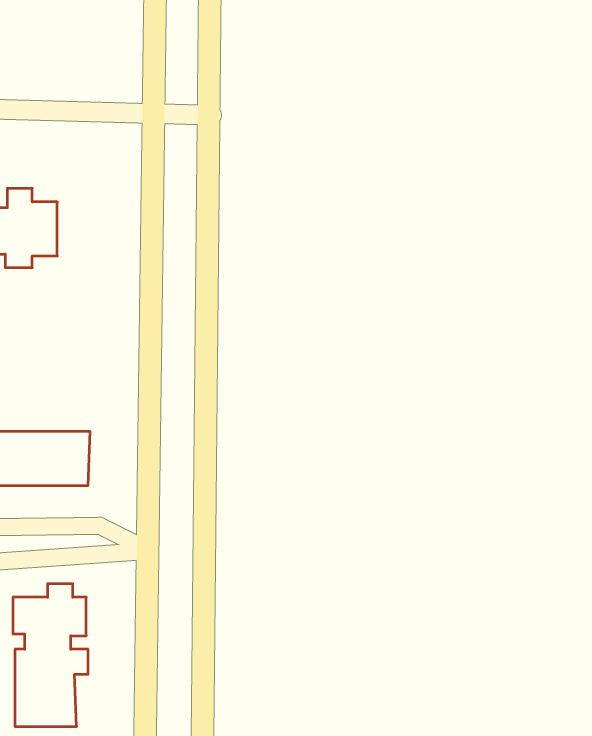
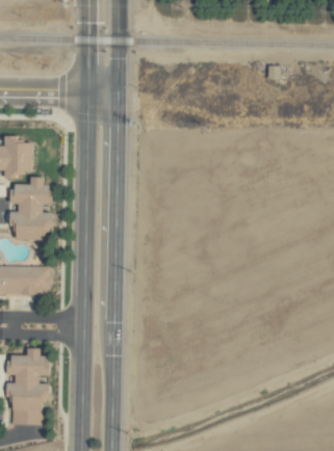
building: none -> [11,177,52,240]

